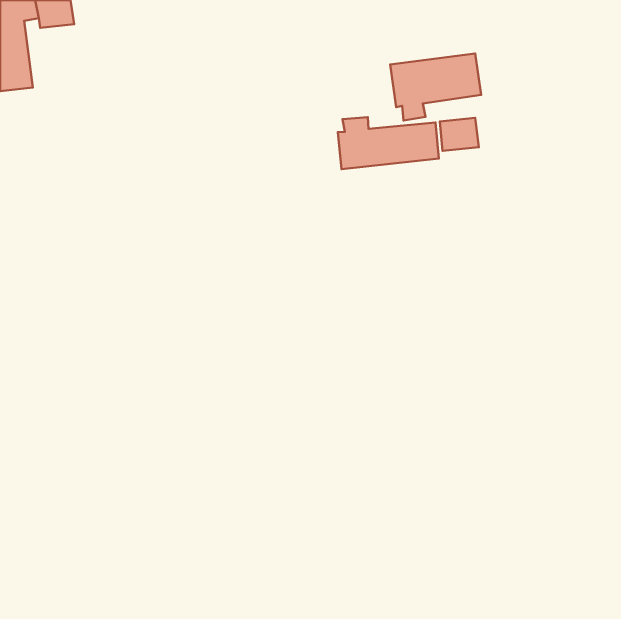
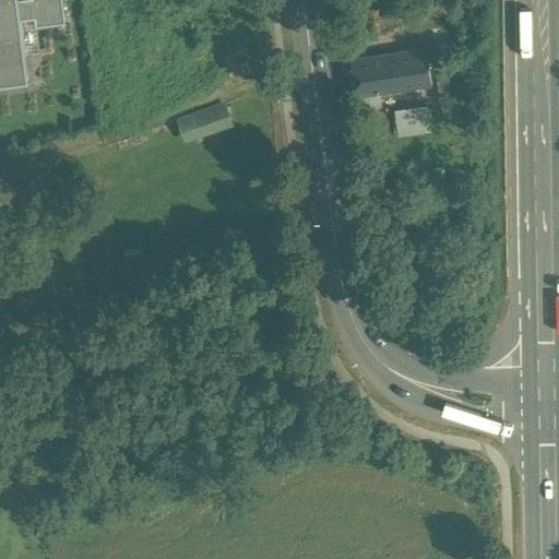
building: none -> [175,104,230,139]
building: [338,117,439,169] -> none

